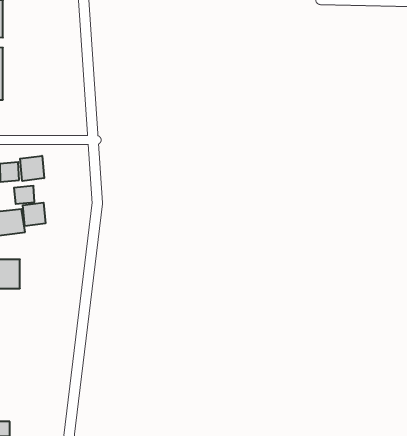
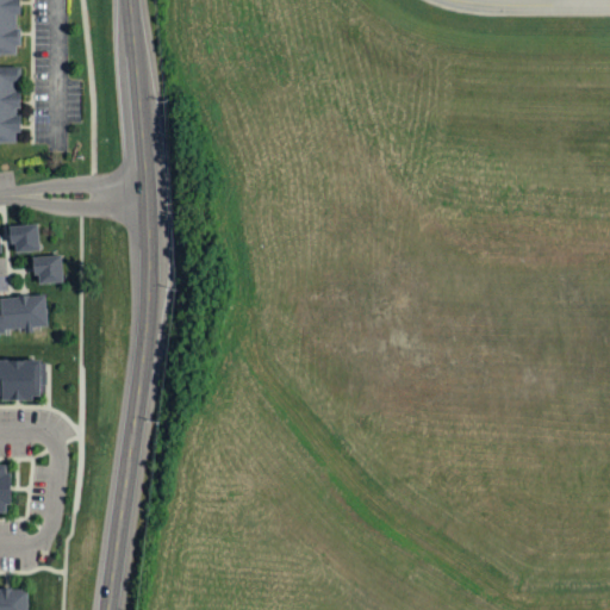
building: [20,156,44,181] -> none
building: [23,203,45,226] -> none

